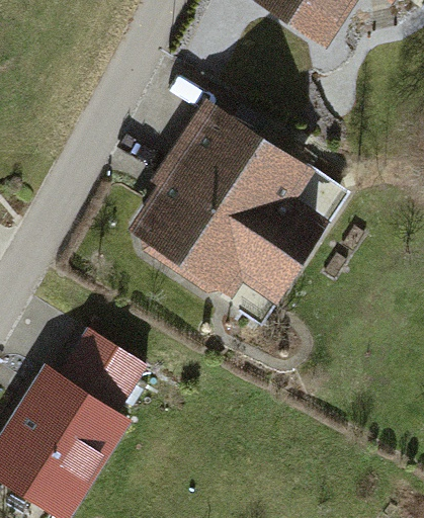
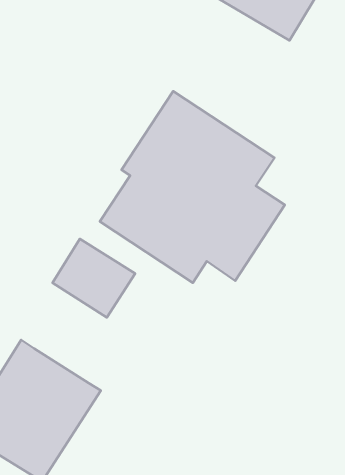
building: [58,329,147,414] -> [53,239,135,318]

